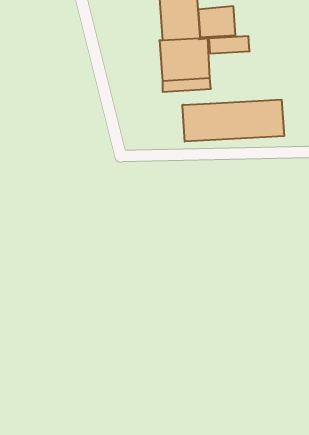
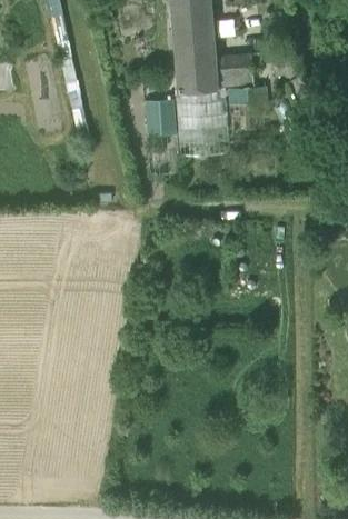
building: none -> [145,98,177,136]
building: [182,100,284,142] -> none

